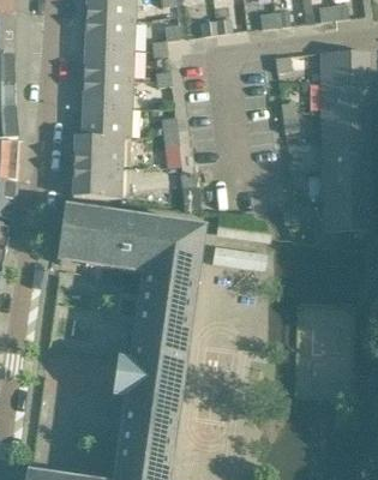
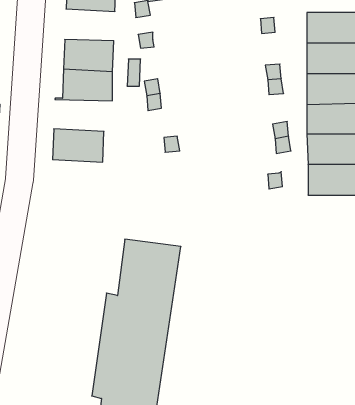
building: [84,47,133,78] -> none
building: [73,136,131,167] -> none
building: [59,206,205,280] -> none

